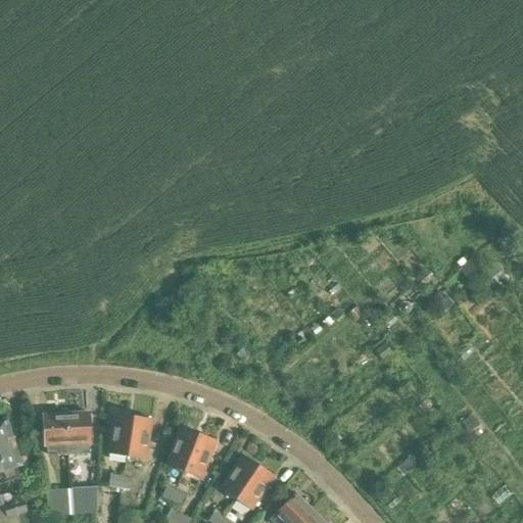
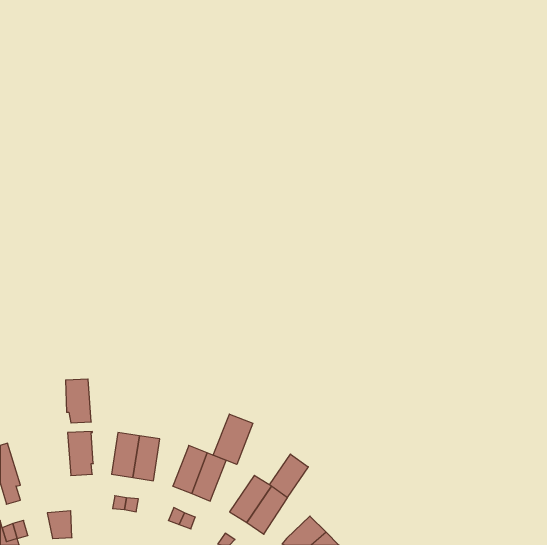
building: none -> [213,414,253,464]
building: [44,413,68,455] -> [66,379,91,423]
building: none -> [270,454,308,498]
building: [72,486,97,513] -> none

